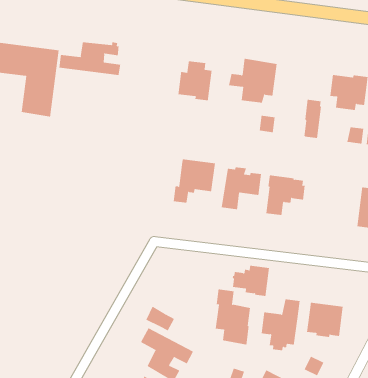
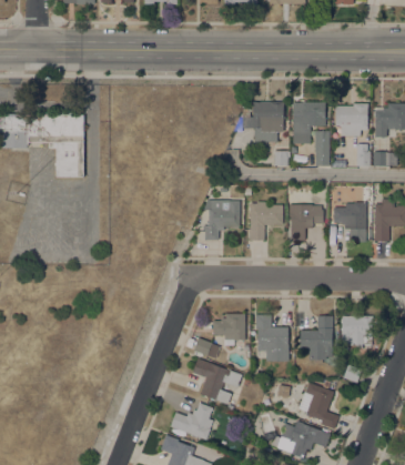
building: [59,41,121,76] -> none
building: [178,60,212,101] -> none
building: none -> [293,102,326,143]
building: none -> [334,202,366,242]
building: [232,265,270,296] -> [212,313,245,340]

